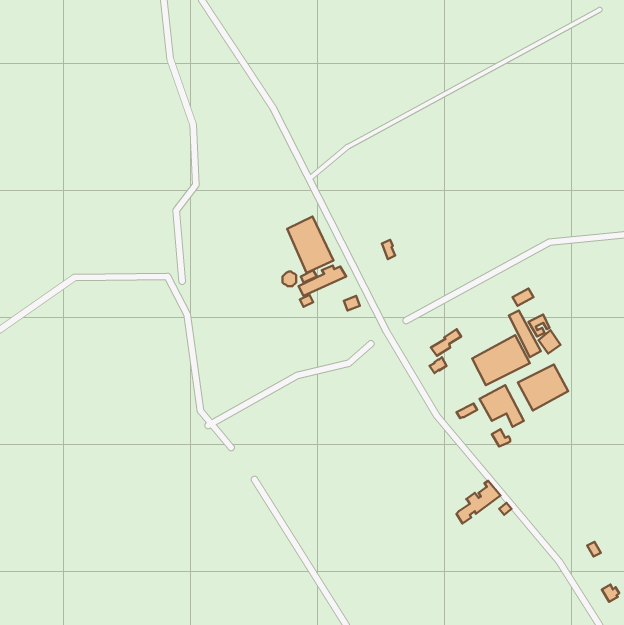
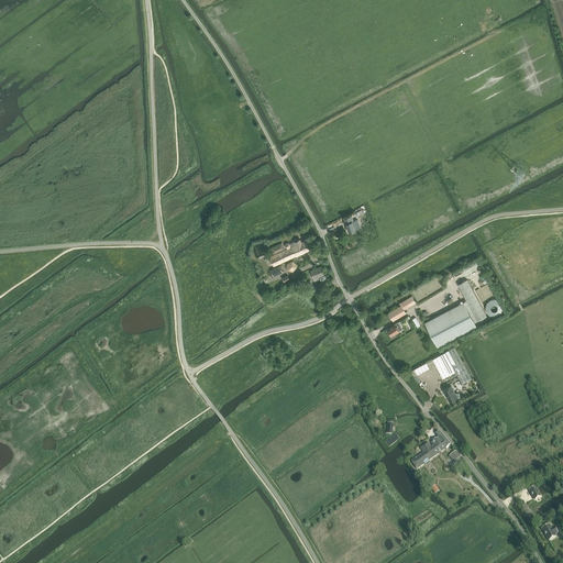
building: [287,217,333,273] -> none
building: [518,365,568,411] -> none

